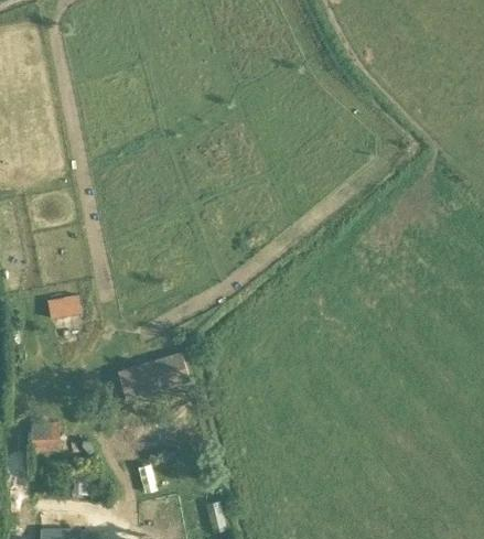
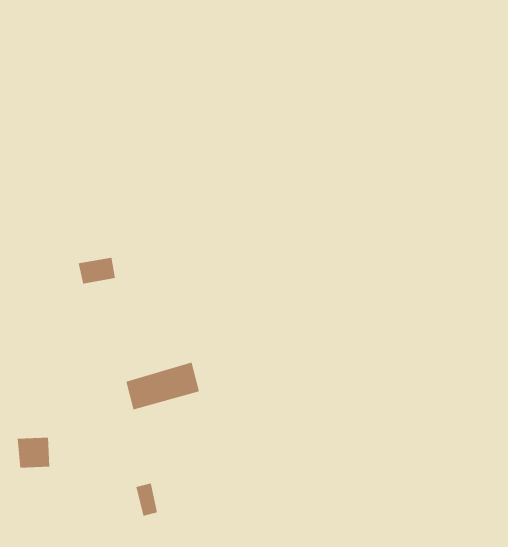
building: [46,293,80,317] -> [78,257,116,284]

